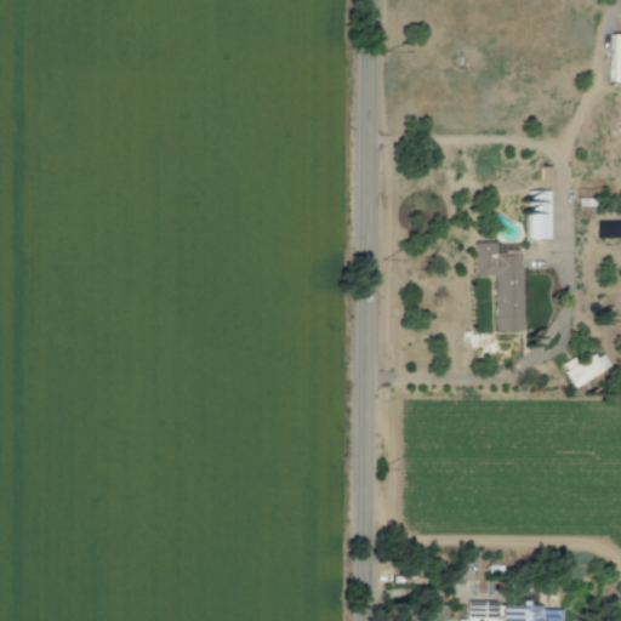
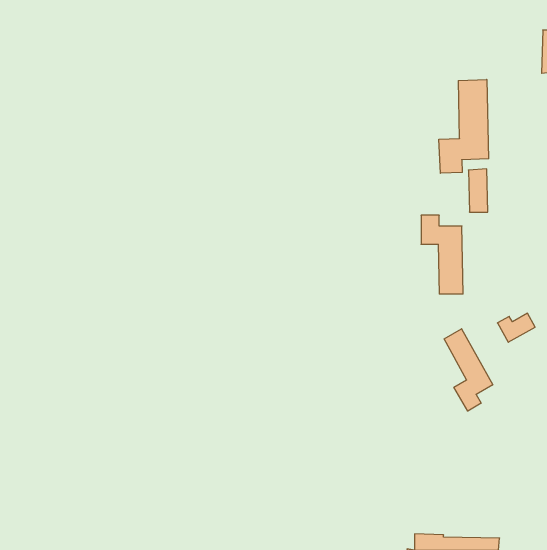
building: none -> [439,79,489,173]
building: none -> [444,329,493,411]

